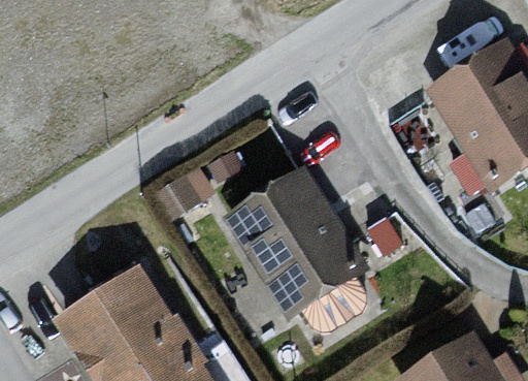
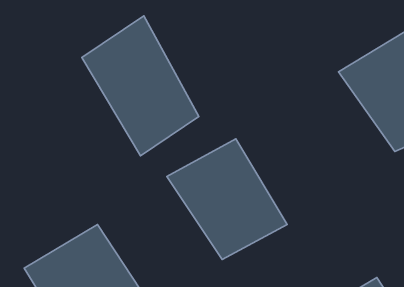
building: none -> [82,16,199,156]

